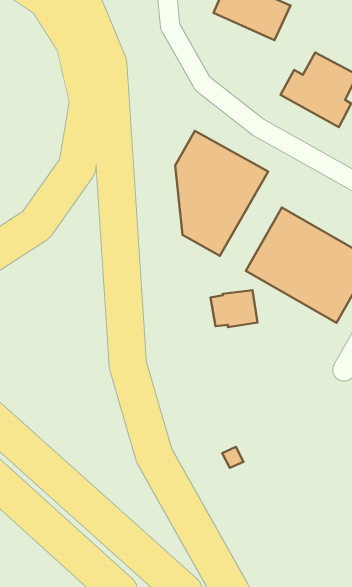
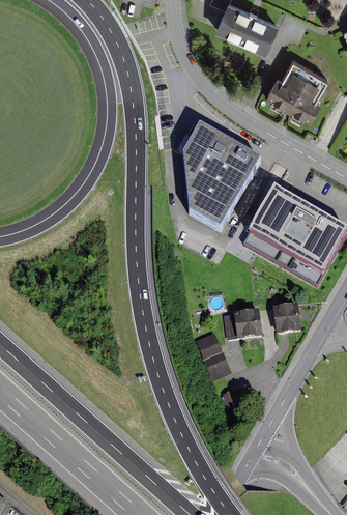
building: [210,290,258,327] -> [222,310,261,341]
building: none -> [271,304,300,335]
building: none -> [197,336,231,380]

